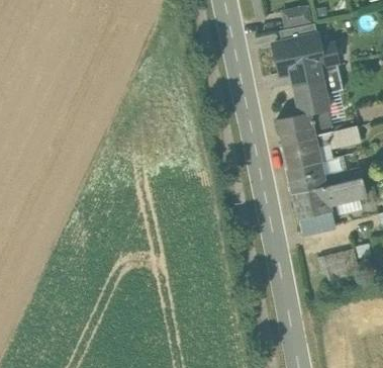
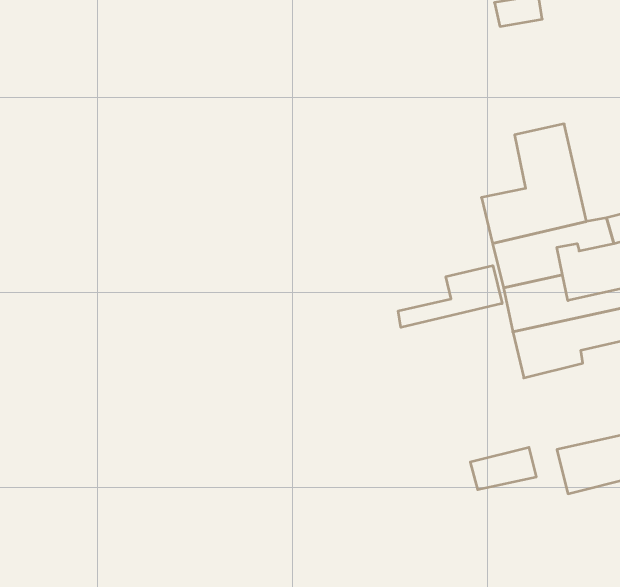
building: [273,35,339,79] -> none
building: none -> [398,266,502,327]
building: [299,210,336,234] -> [470,447,536,490]

